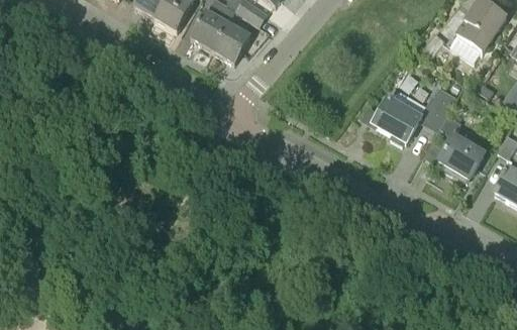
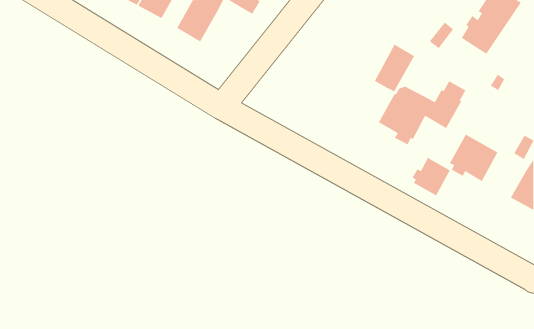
building: [212,21,249,62] -> none
building: none -> [374,44,415,92]
building: none -> [412,157,451,196]

